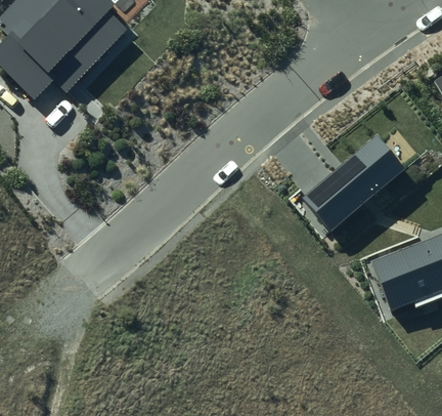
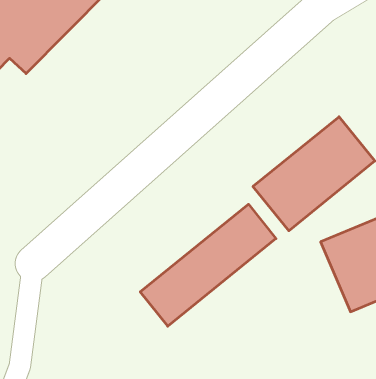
building: none -> [140,204,276,326]

